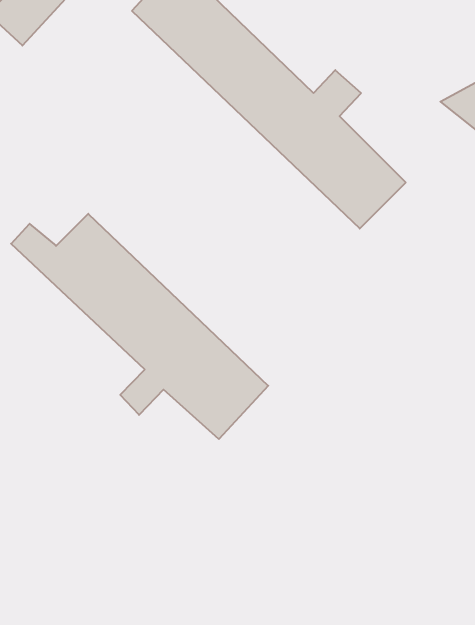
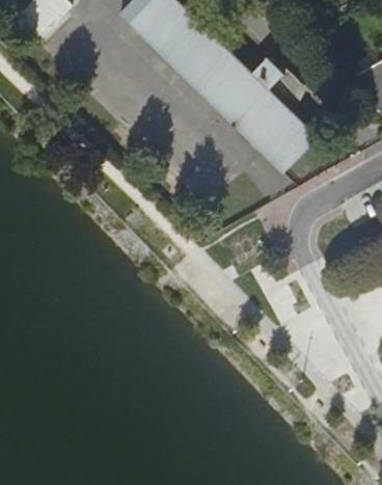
building: [11,214,268,439] -> none

